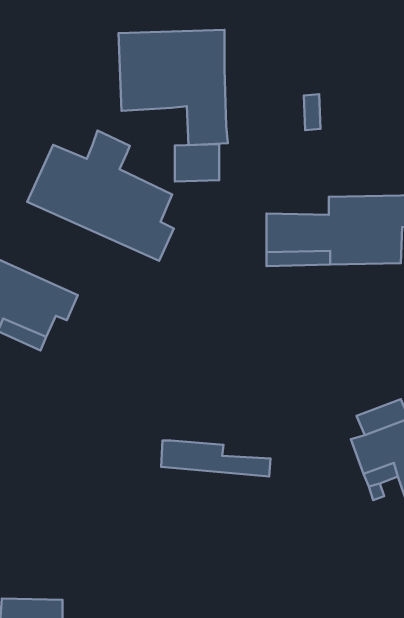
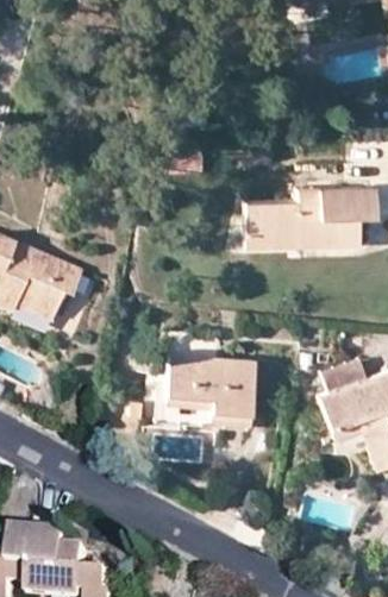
building: [118,30,228,145] -> none
building: [27,130,174,261] -> none
building: none -> [165,351,255,413]

